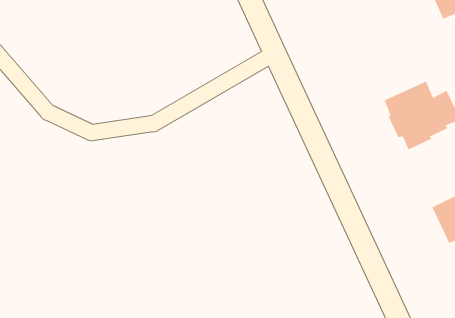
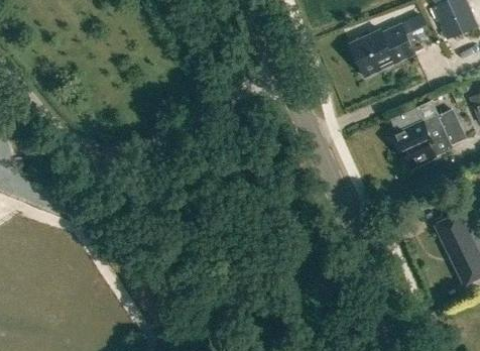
building: none -> [350,24,415,78]

